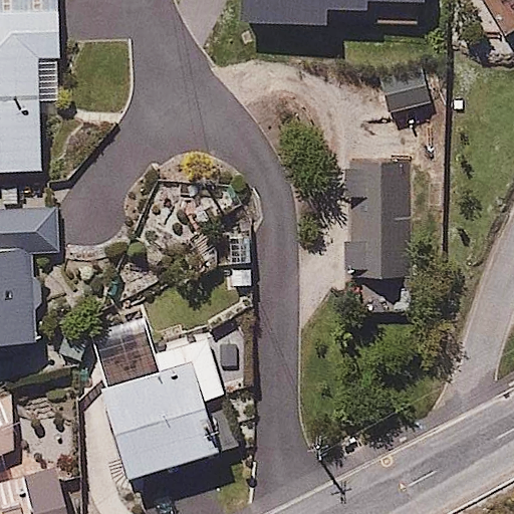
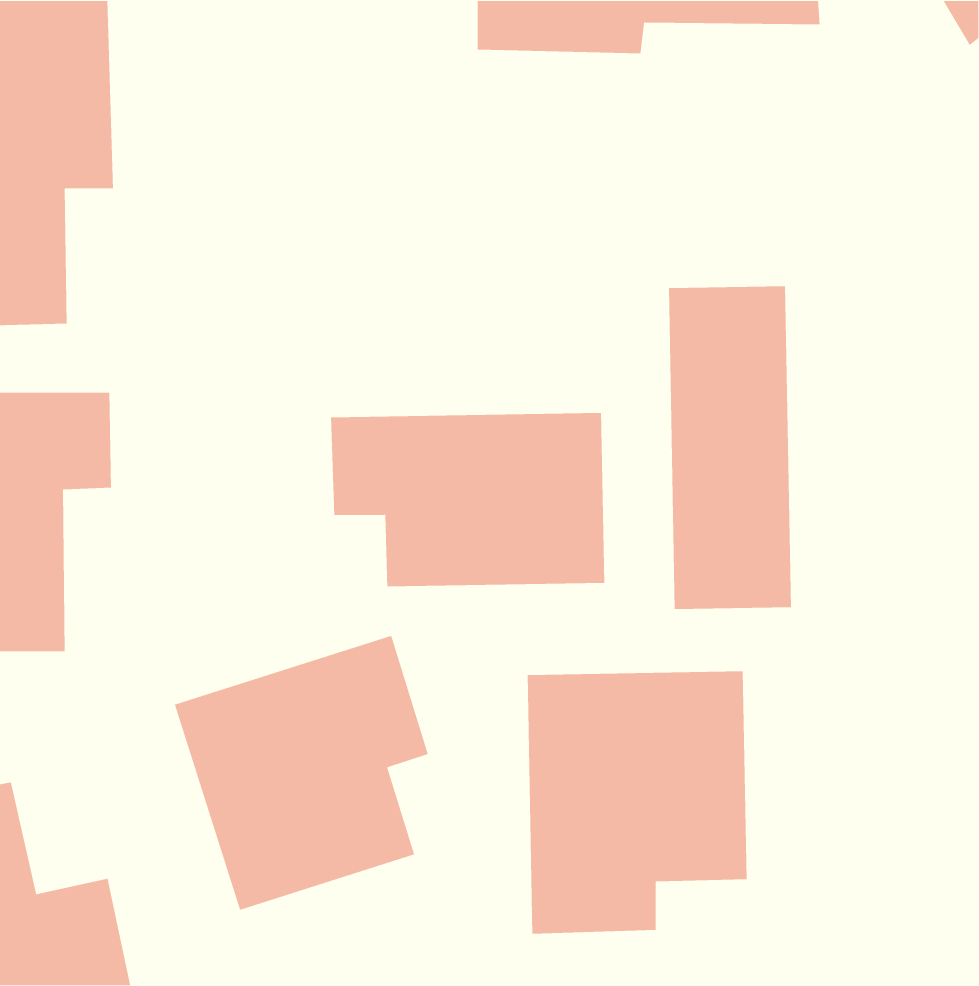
building: none -> [330,412,605,587]
building: none -> [527,670,747,934]

